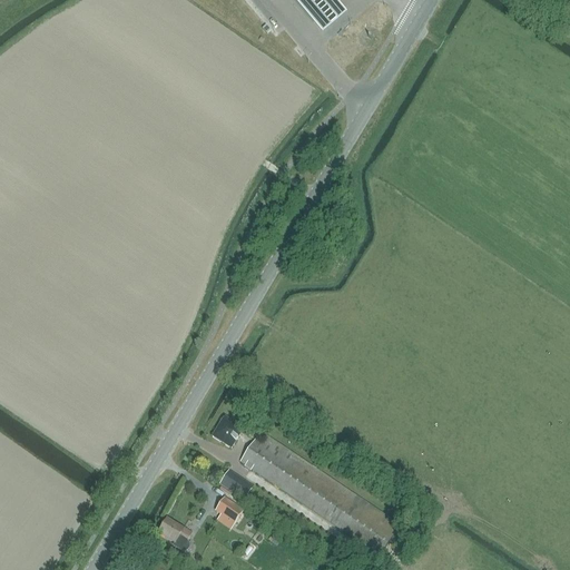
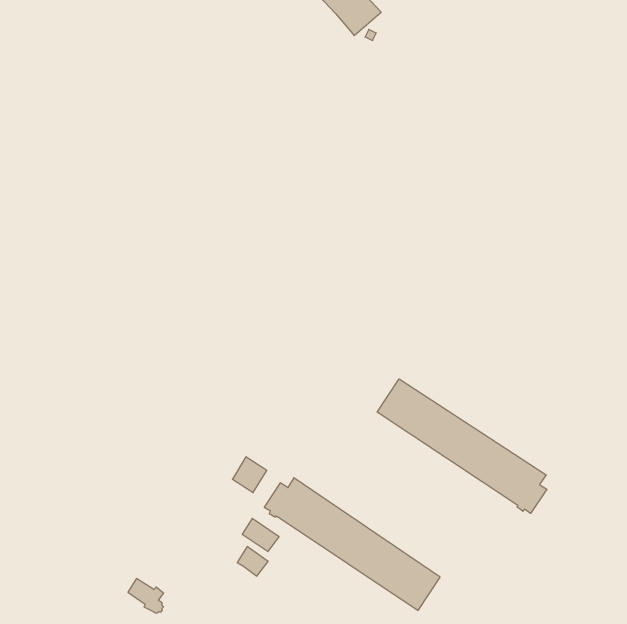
building: none -> [377,379,547,513]
building: [157,519,189,550] -> [128,579,164,613]

